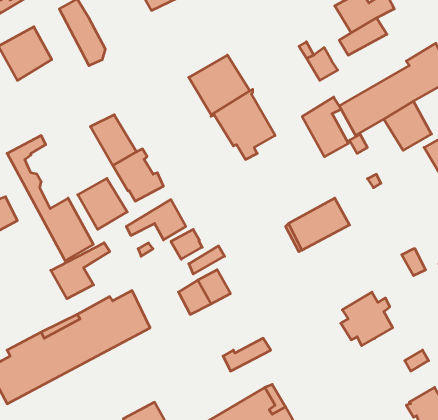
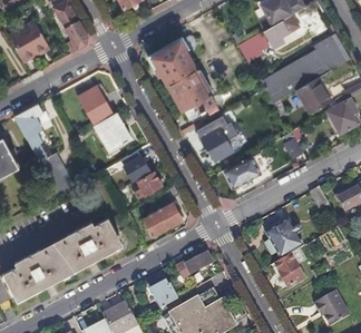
building: [302,97,348,157] -> [197,116,232,160]
building: [78,178,127,229] -> none
building: [51,243,110,299] -> none
building: none -> [273,254,304,288]
building: none -> [147,275,177,308]

